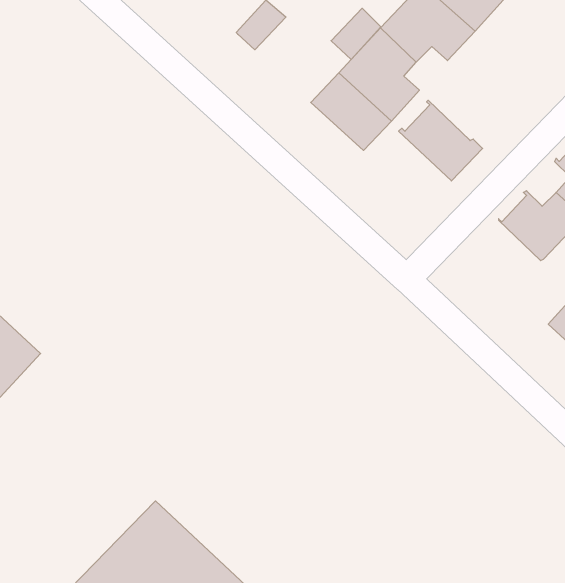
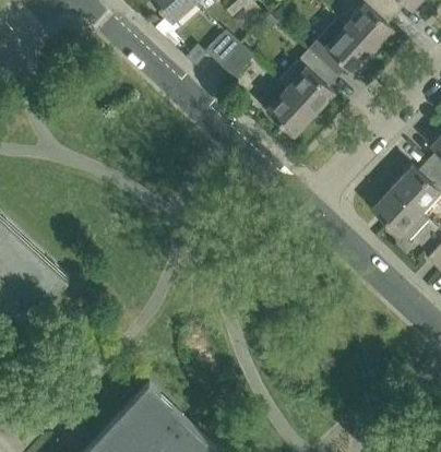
building: [331,8,381,59] -> [219,43,254,79]
building: [399,100,483,181] -> [370,186,429,242]

